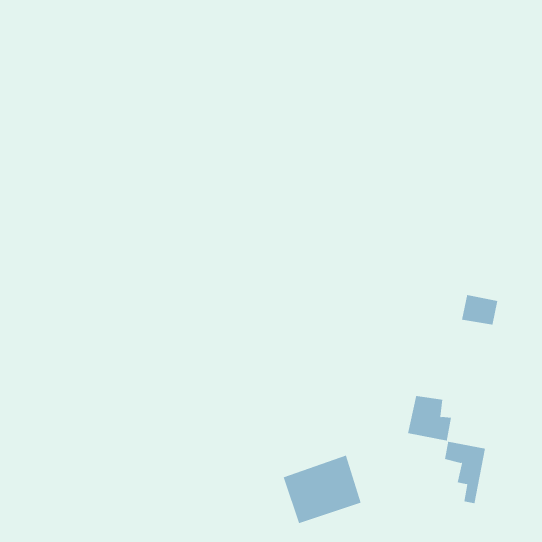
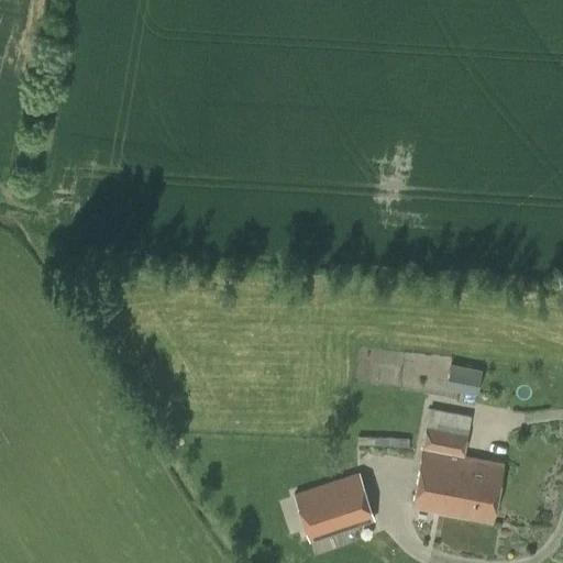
building: [461,294,498,325] -> [444,364,483,396]
building: none -> [412,450,484,520]

